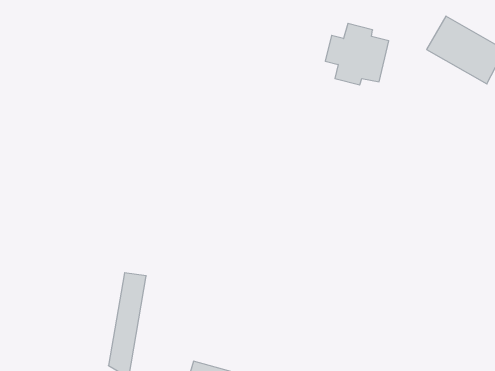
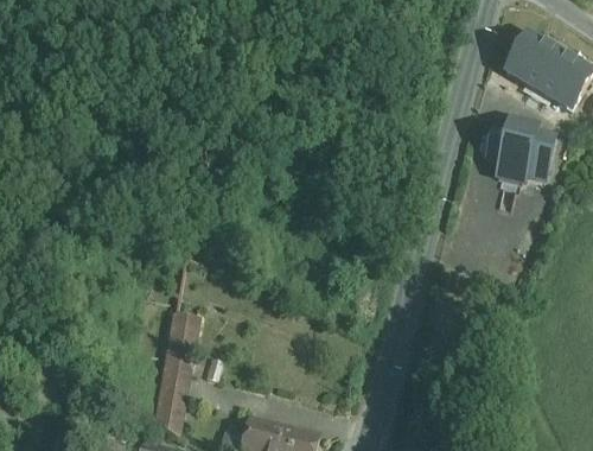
building: [325,23,389,85] -> [485,116,555,184]

